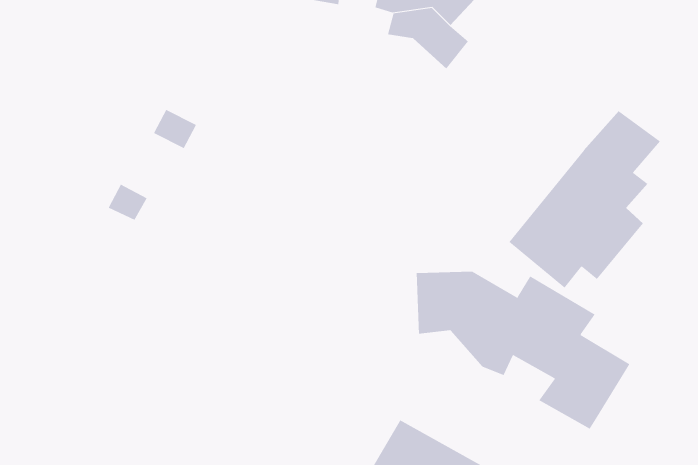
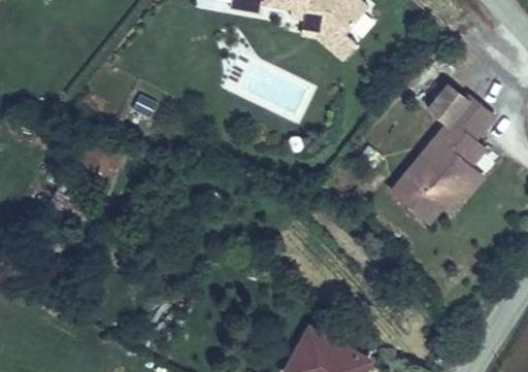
building: none -> [423,78,468,124]
building: [416,271,630,429] -> none

